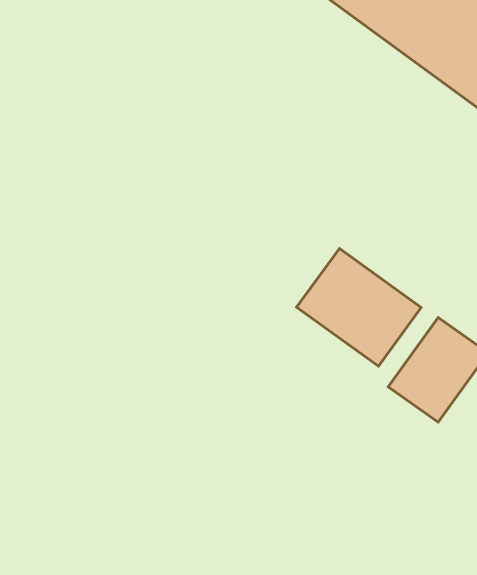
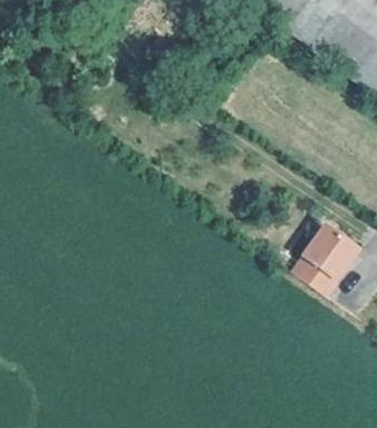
building: [297,248,421,366] -> none

